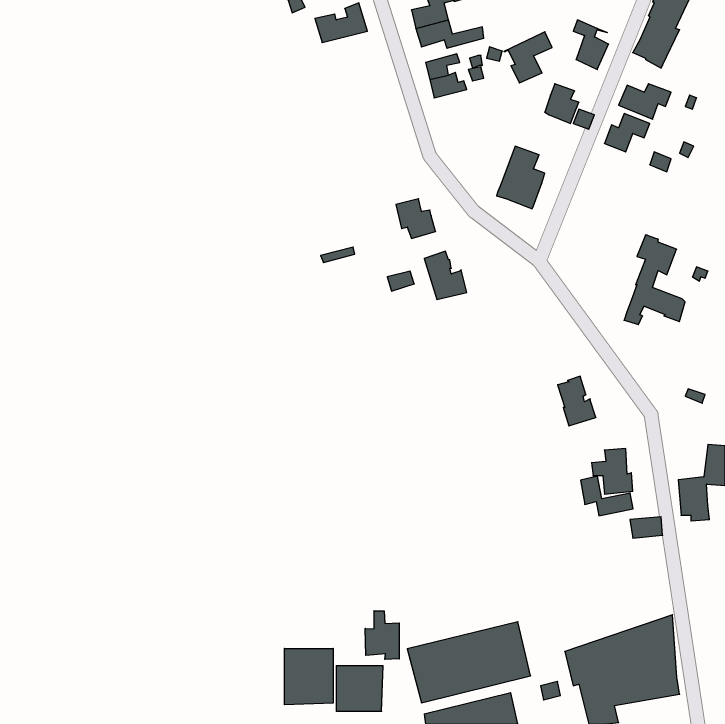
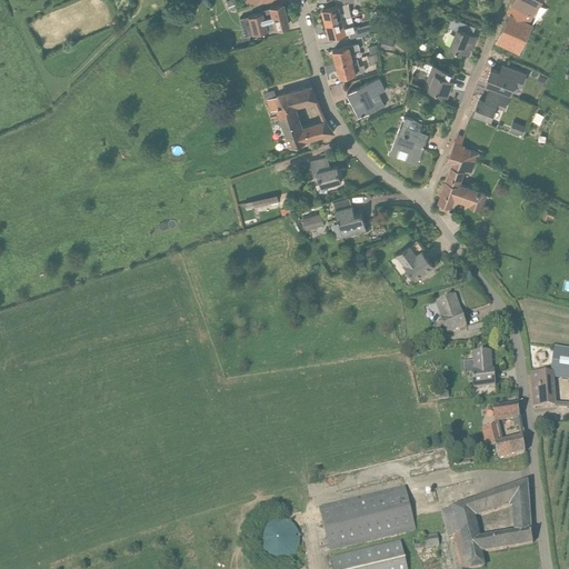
building: [504,32,552,83] -> [347,76,385,116]
building: none -> [268,86,333,148]
building: [624,235,685,325] -> [438,140,486,210]
building: none -> [398,246,433,279]
building: [581,476,633,516] -> [483,427,525,458]
building: [365,611,399,659] -> none
building: [284,648,333,705] -> none

